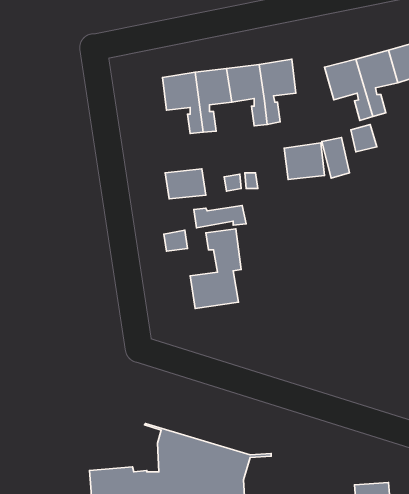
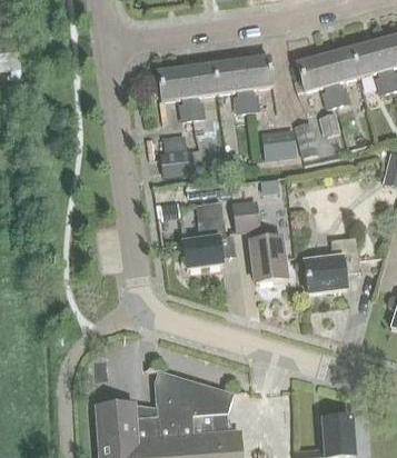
building: none -> [232,201,286,281]
building: none -> [304,236,359,291]

